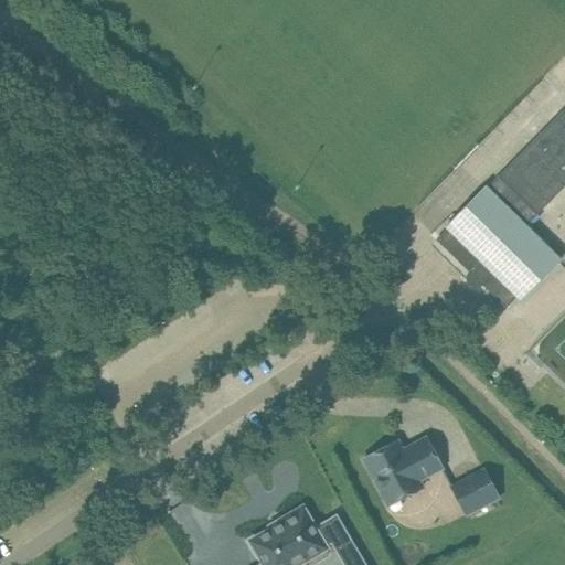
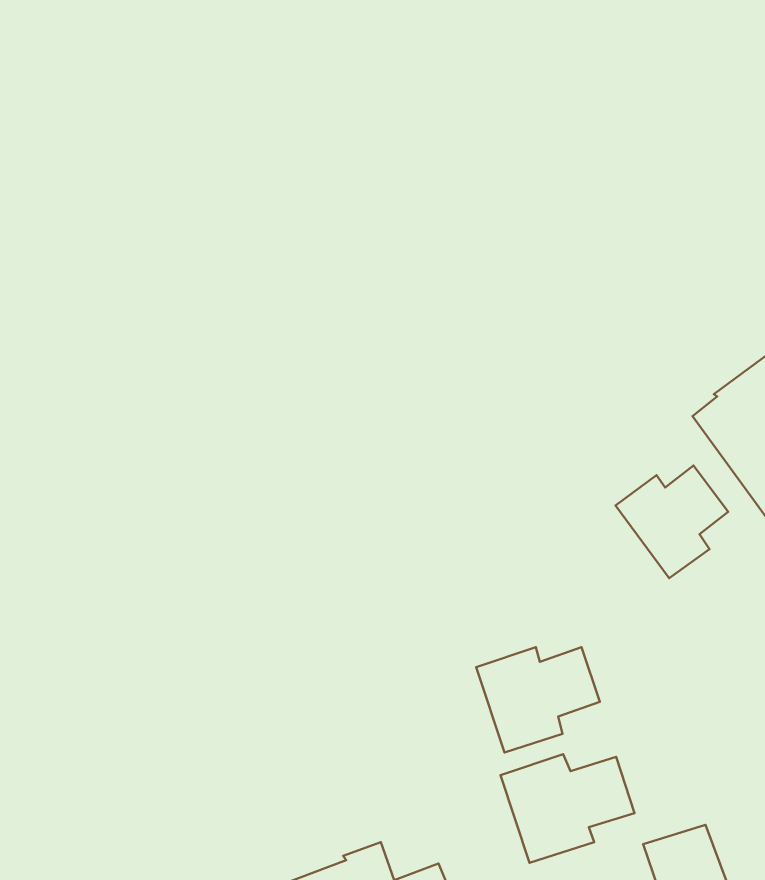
building: none -> [616,466,728,578]
building: none -> [476,647,600,753]

